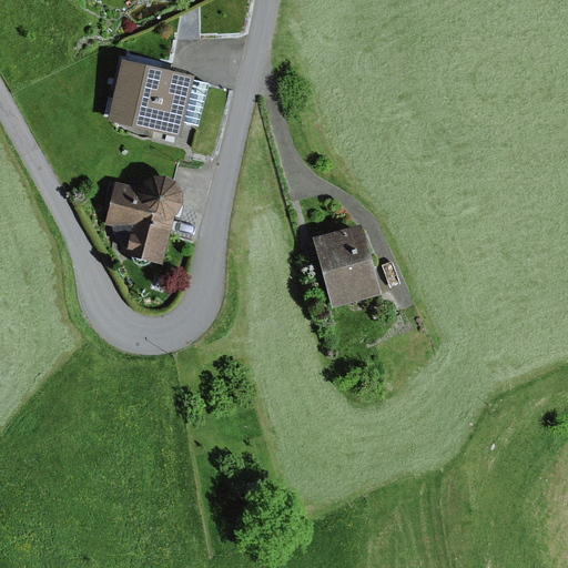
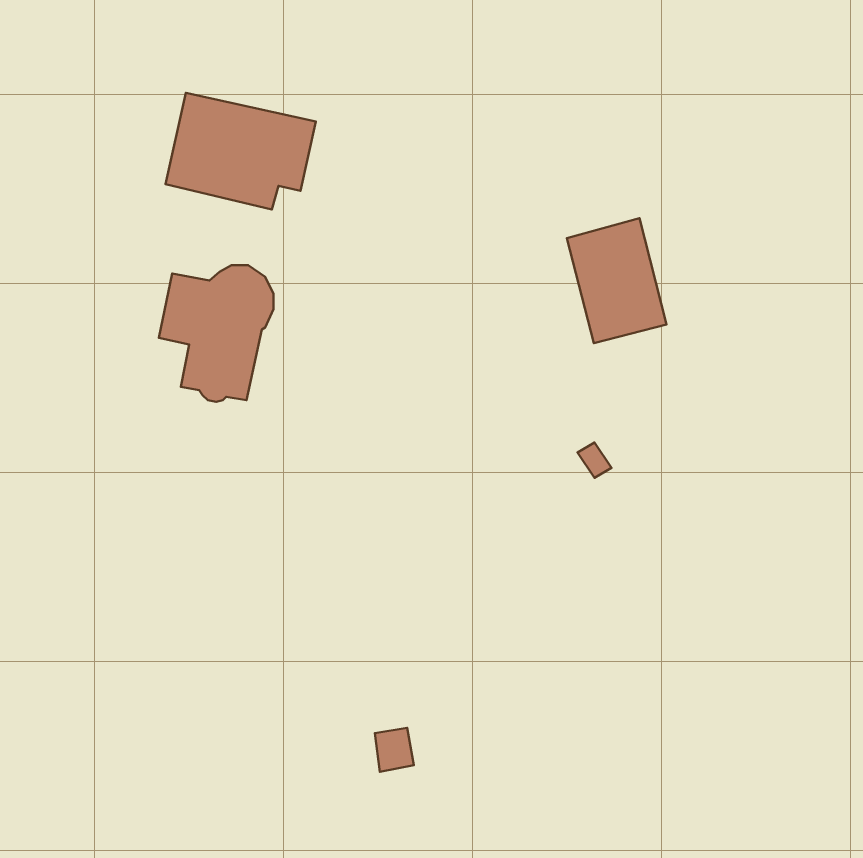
building: [313,224,378,306] -> [567,218,666,343]

